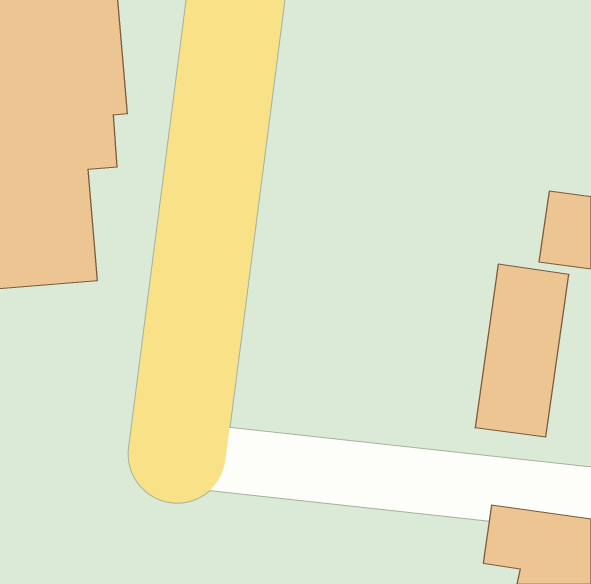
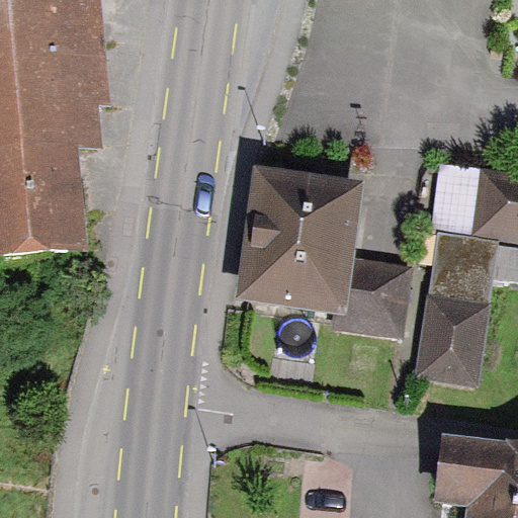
building: none -> [241,171,412,335]

